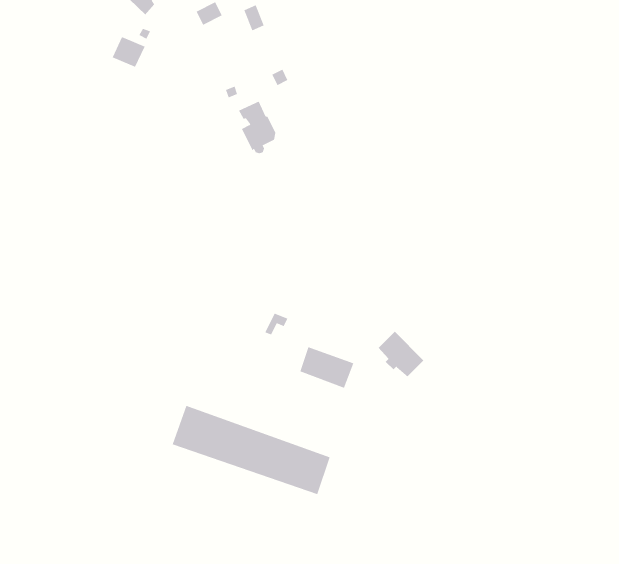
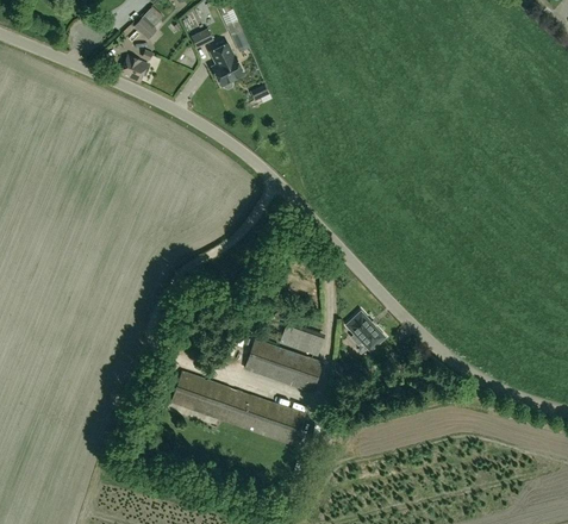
building: [238,101,276,154] -> [211,44,243,89]
building: none -> [245,341,324,393]

